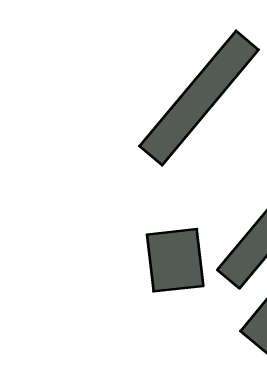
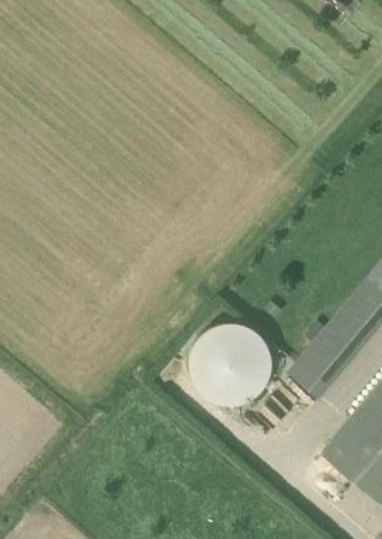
building: [139,31,259,165] -> none

